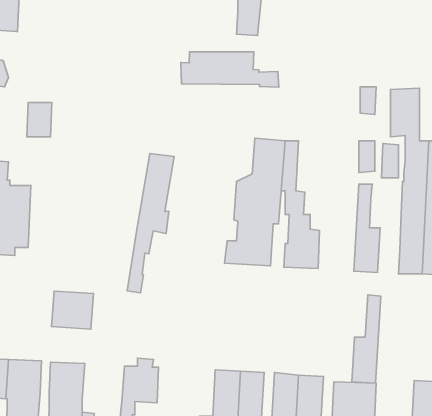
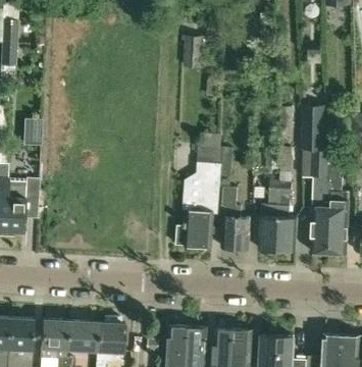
building: [181,52,279,87] -> none
building: [127,154,174,293] -> none
building: [51,291,94,329] -> [66,320,99,350]
building: [352,295,381,383] -> [258,180,280,249]

